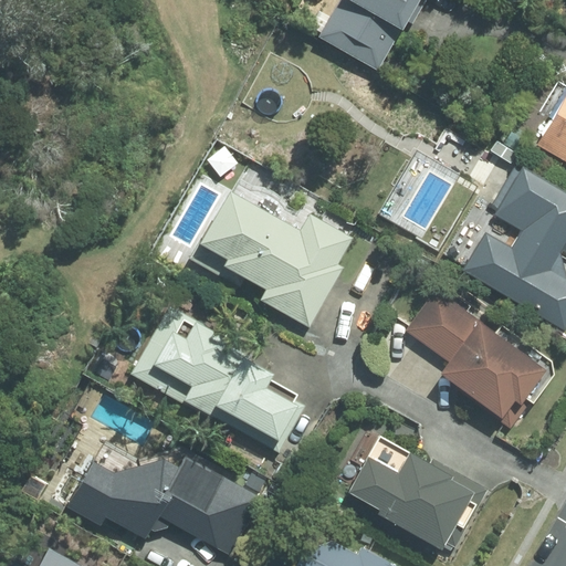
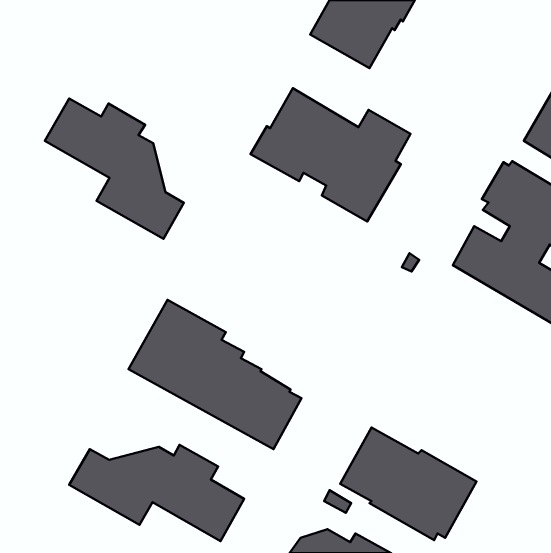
building: none -> [45,99,184,239]
building: [189,191,353,327] -> [251,88,411,221]
building: [409,292,549,431] -> none

